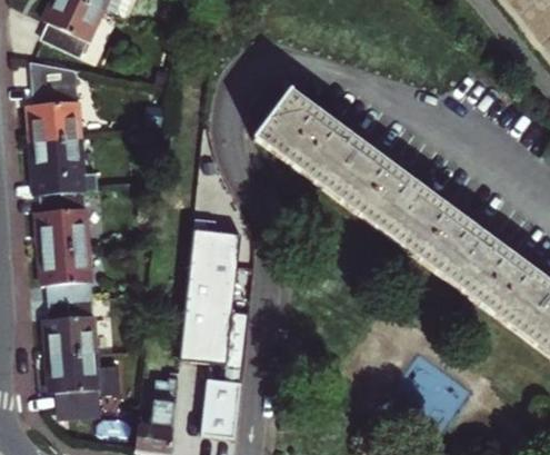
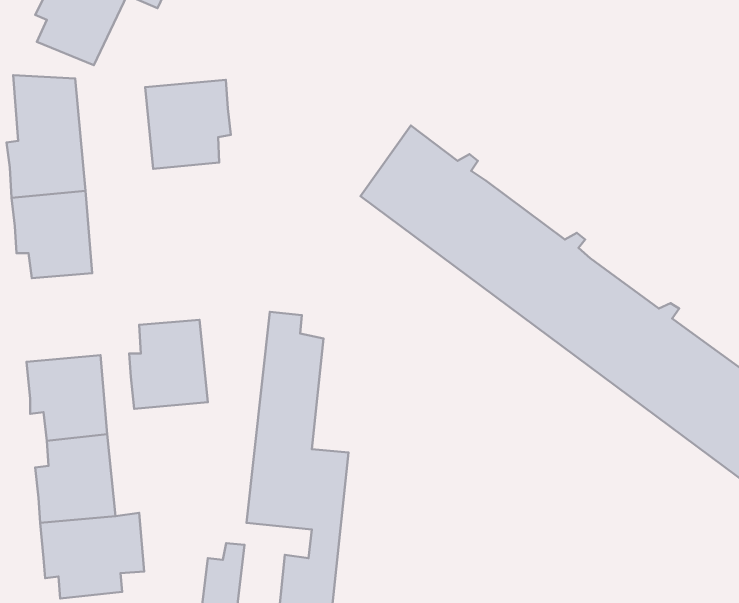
building: none -> [145,80,231,169]
building: [36,192,88,251] -> [129,320,208,409]

